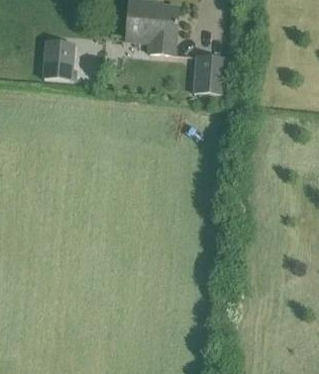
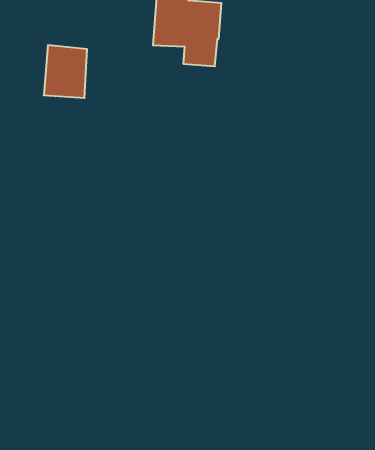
building: [193,55,228,94] -> none

